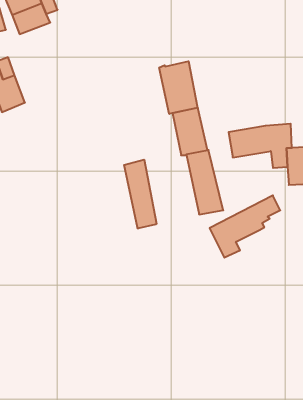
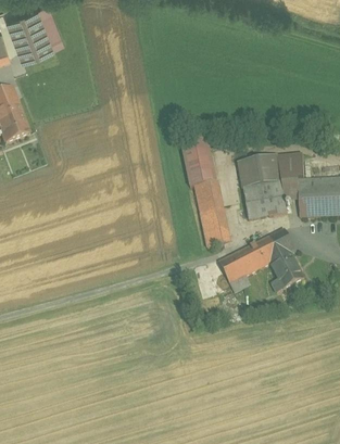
building: [159,61,197,114] -> none
building: none -> [242,182,286,219]
building: [124,160,156,229] -> none
building: none -> [269,243,303,291]

